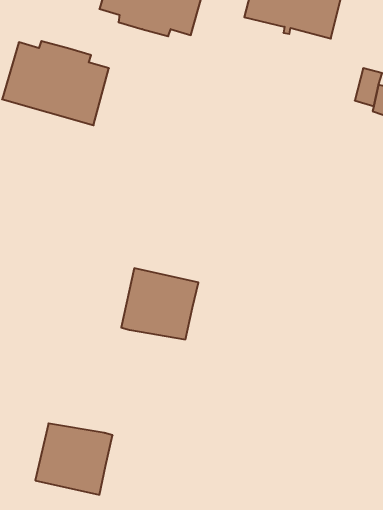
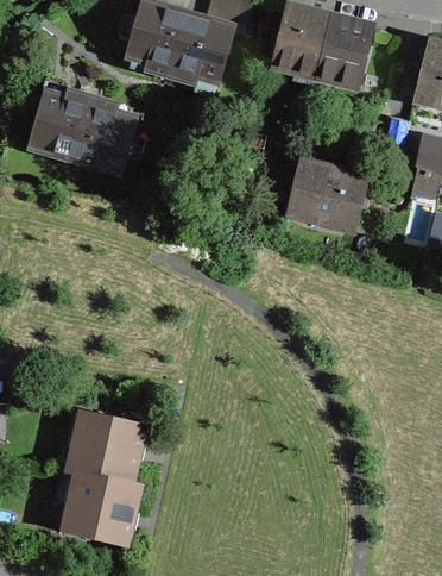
building: none -> [288,162,366,226]
building: [121,268,198,339] -> [67,411,144,482]

